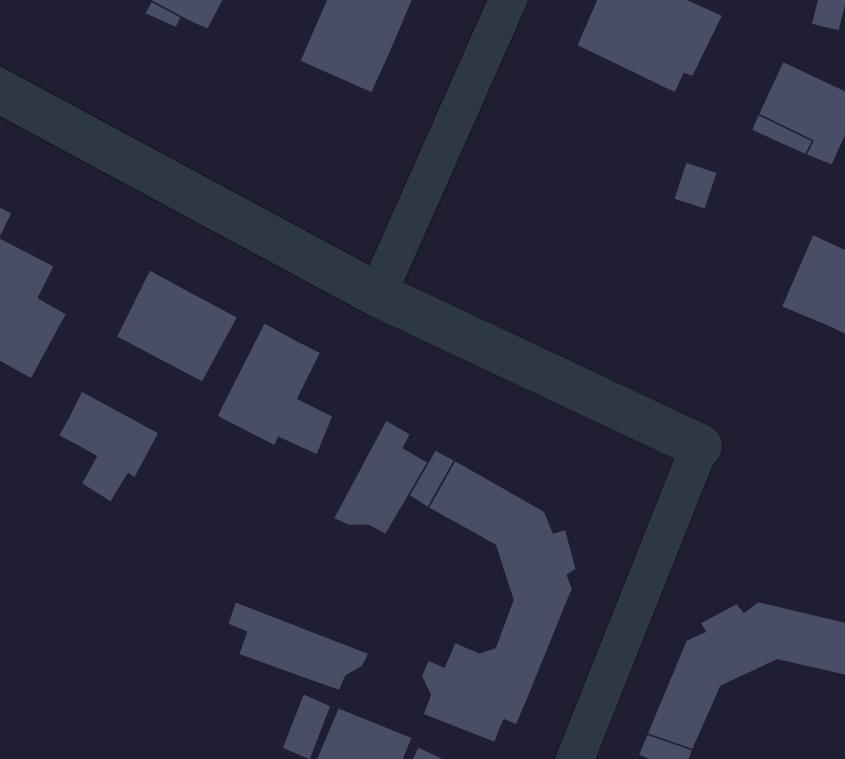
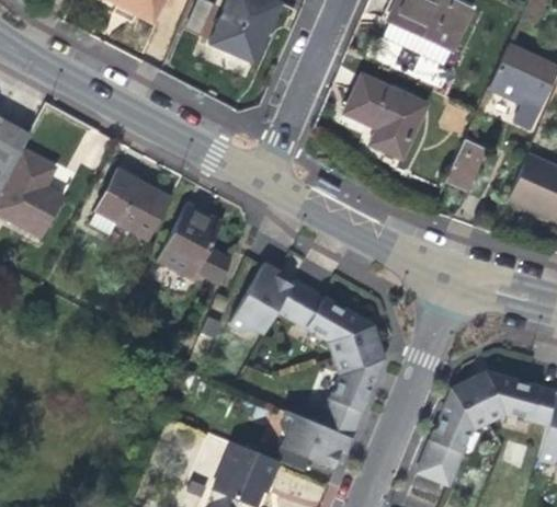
building: none -> [343,76,424,159]
building: none -> [445,140,486,192]
building: [58,391,159,503] -> none
building: [227,601,369,691] -> none

